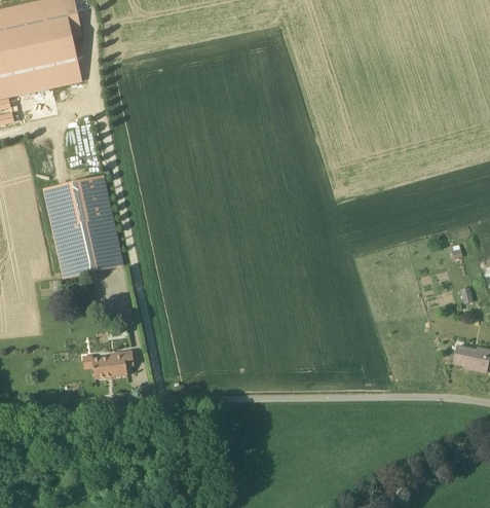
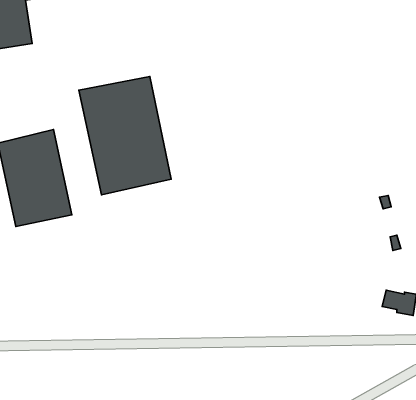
building: none -> [79,77,171,195]
building: [83,351,134,379] -> none

